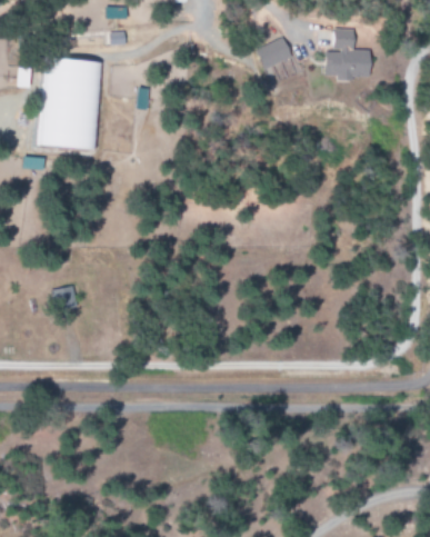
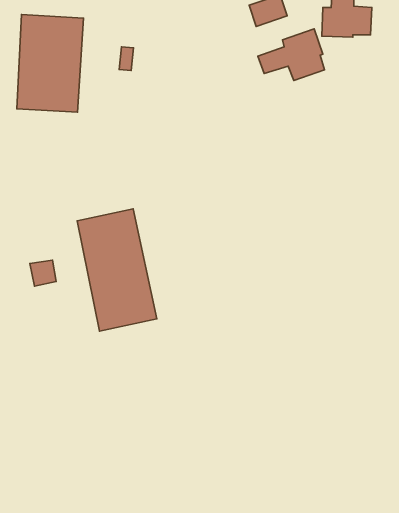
building: none -> [258,29,324,81]
building: none -> [77,209,157,331]

